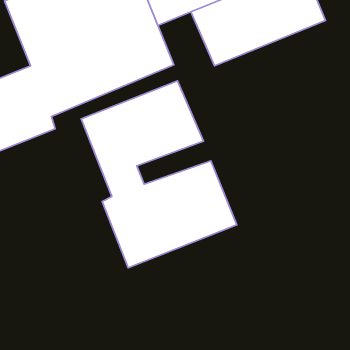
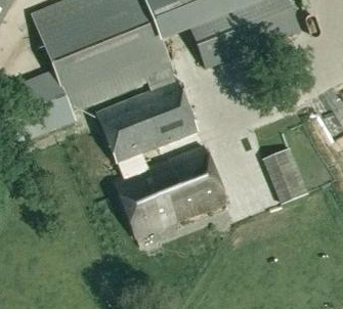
building: none -> [264,146,309,203]

